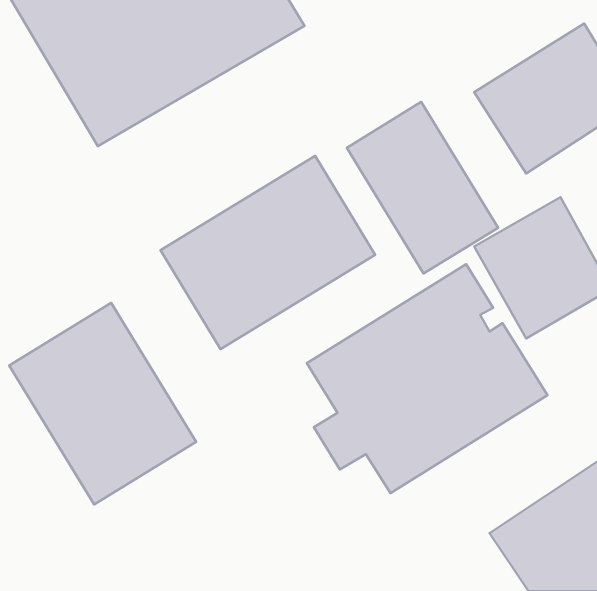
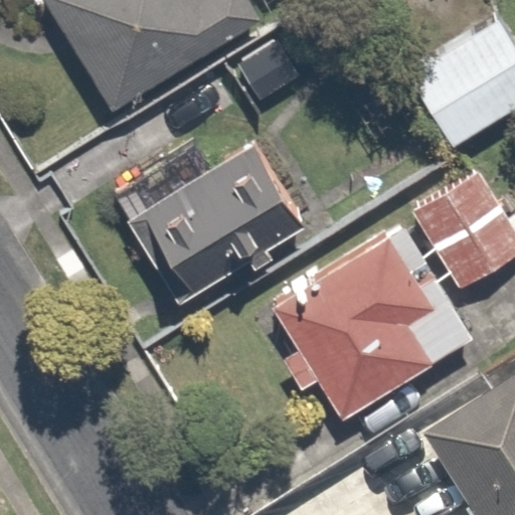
building: [347,102,498,274] -> none
building: [9,303,196,505] -> none

